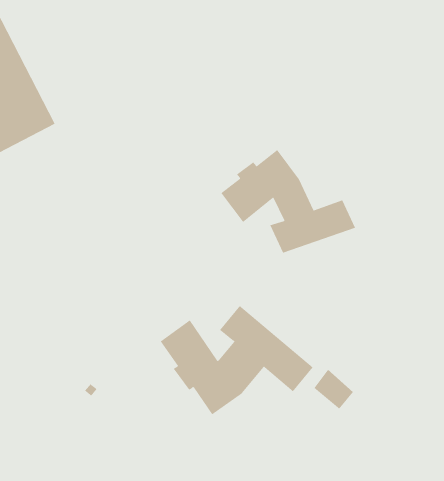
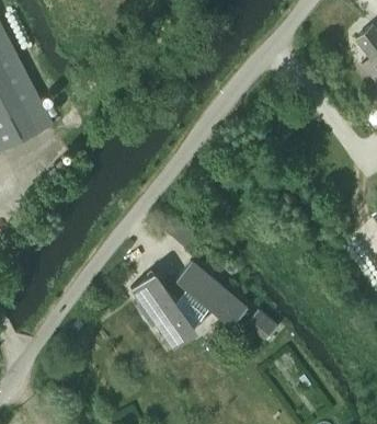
building: [221,149,356,254] -> none

